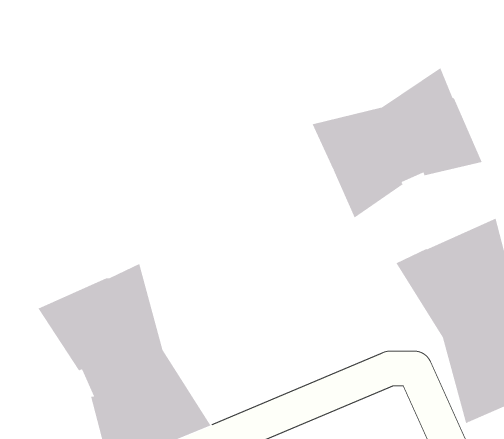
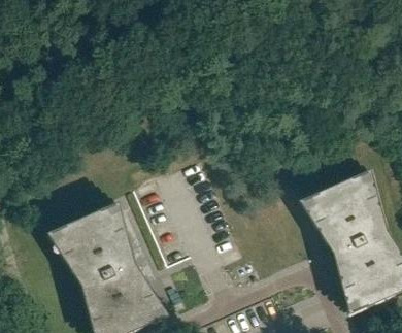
building: [312,67,482,219] -> none

